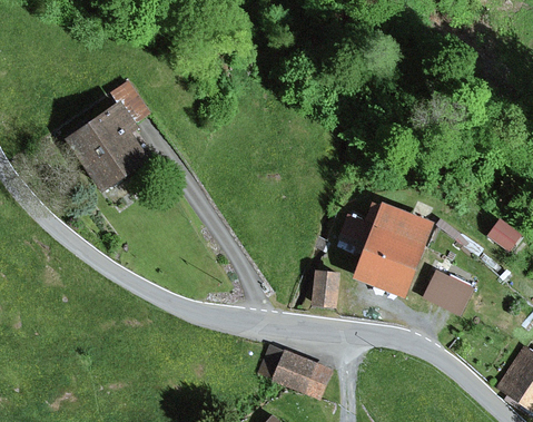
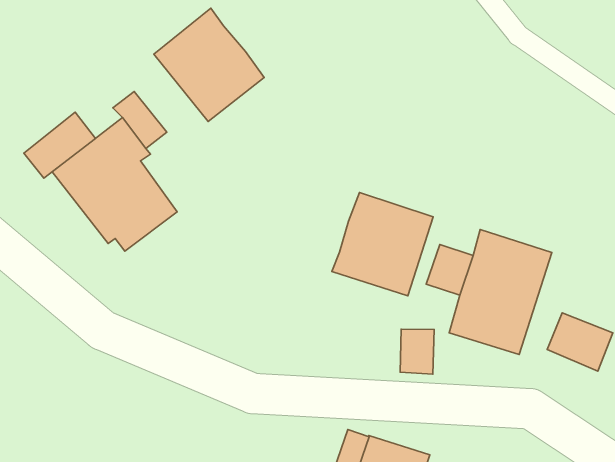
building: none -> [154,8,264,122]
building: none -> [24,112,95,178]
building: none -> [332,192,433,296]

